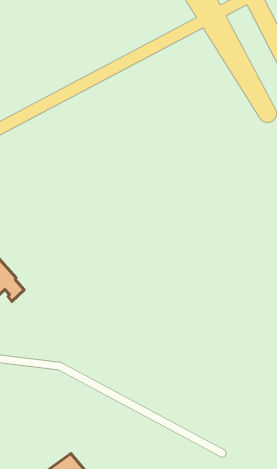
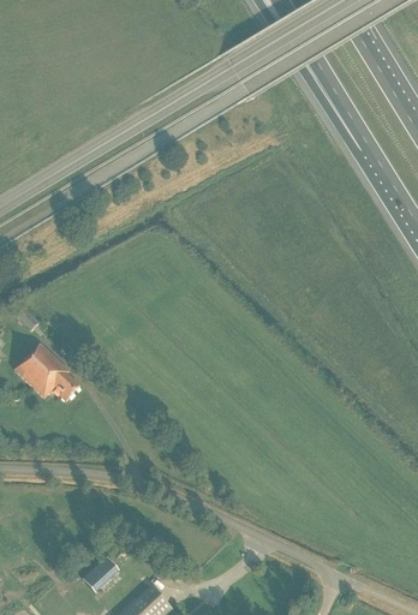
building: none -> [83,555,119,590]

